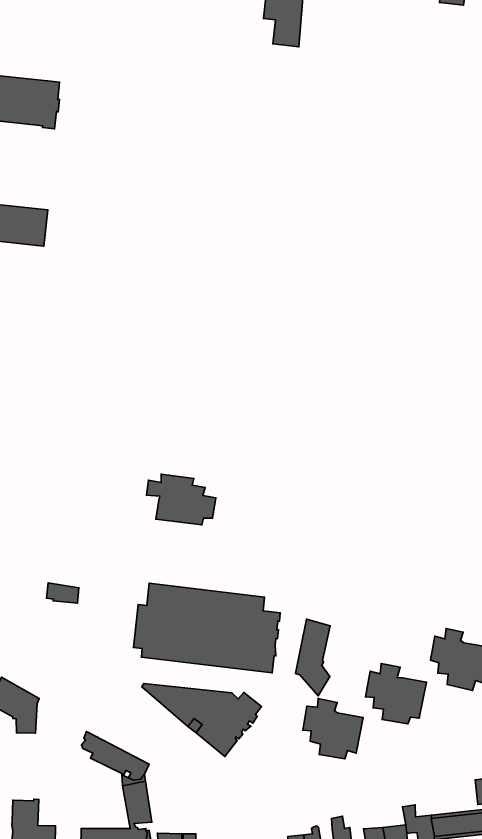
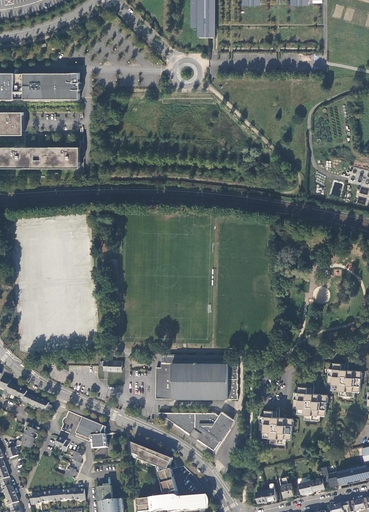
building: [147,474,216,525] -> none
building: [296,619,330,696] -> none

